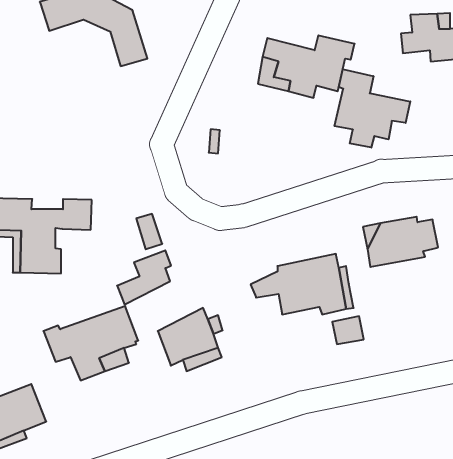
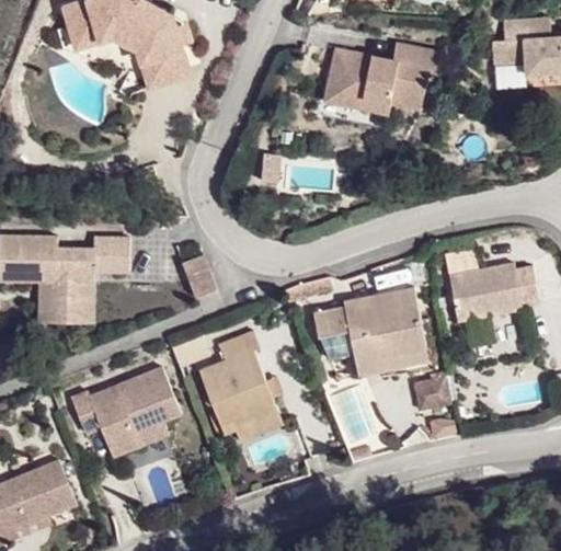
building: none -> [77,27,161,85]
building: [335,69,410,148] -> none
building: none -> [308,280,415,340]
building: [117,250,171,304] -> [196,331,260,394]

